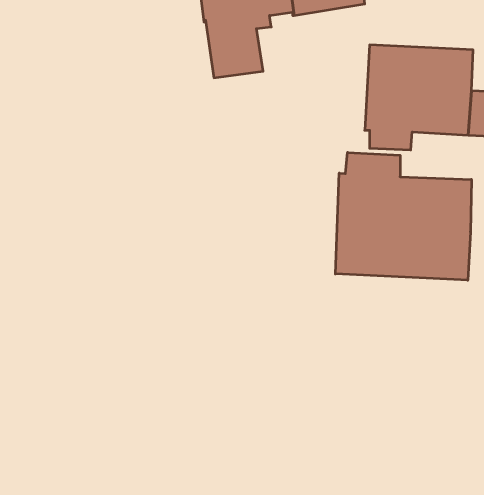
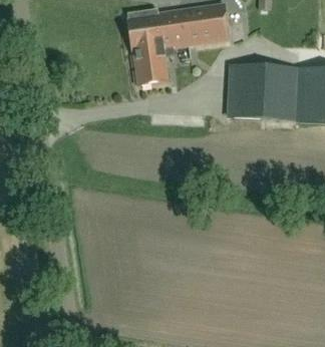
building: [335,152,471,280] -> none

